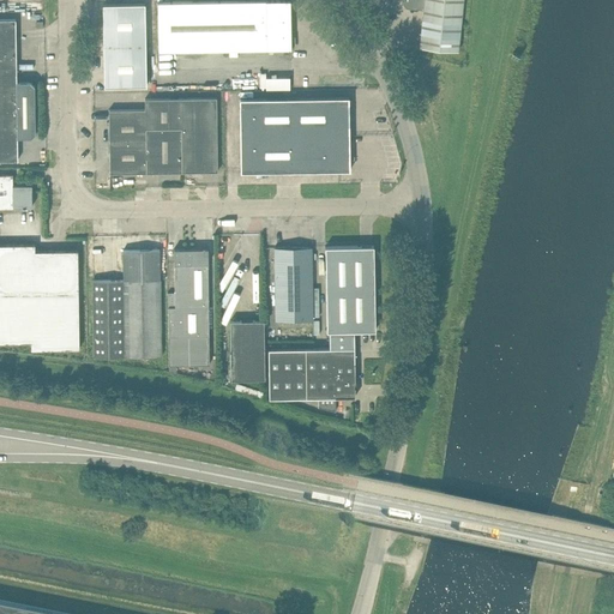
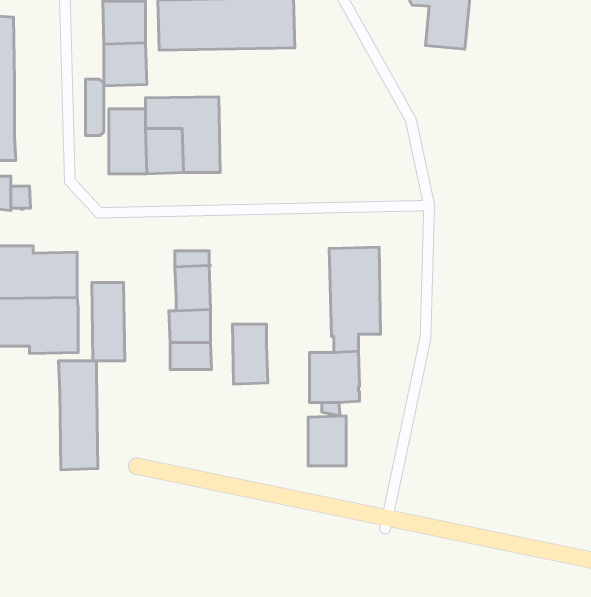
building: [17,84,35,139] -> [86,79,104,135]
building: [240,100,350,174] -> none
building: [275,248,312,323] -> none
building: [122,252,161,359] -> [59,361,98,470]
building: [269,350,306,399] -> [308,416,346,466]

